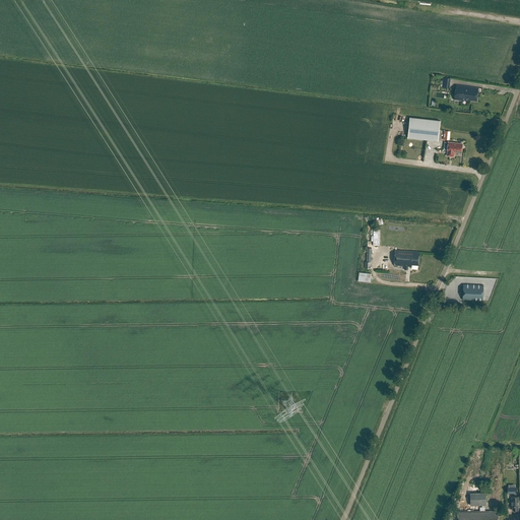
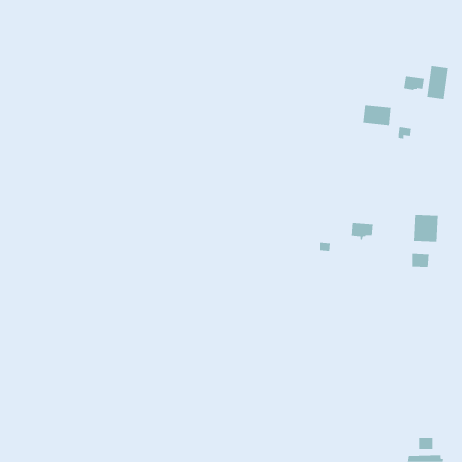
building: none -> [427,65,448,100]
building: none -> [414,214,438,243]

